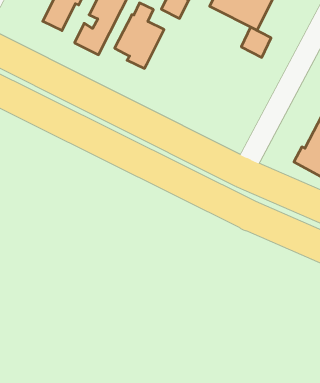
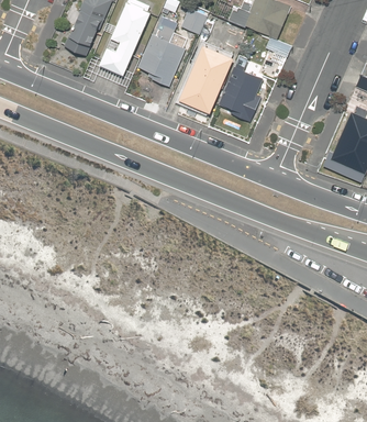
building: none -> [178,42,232,111]
building: none -> [219,66,262,121]

